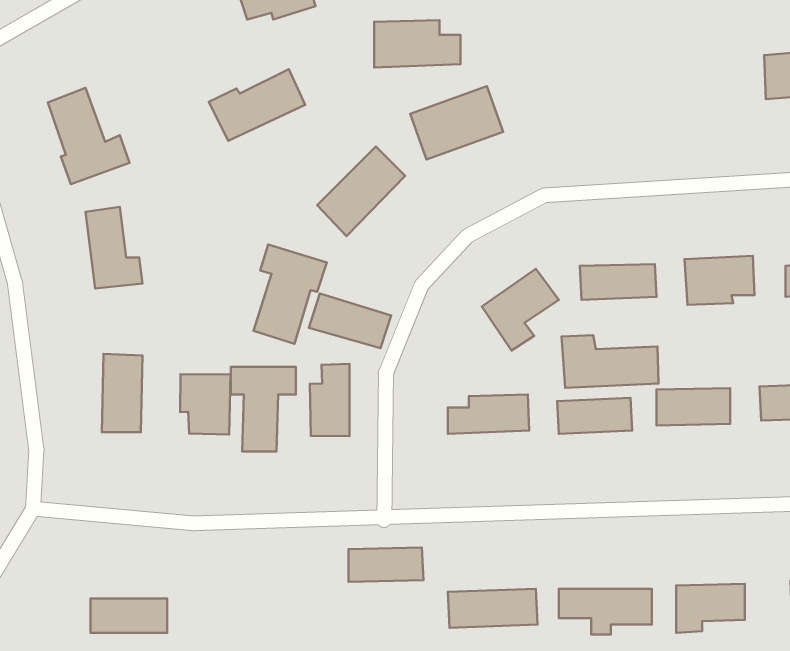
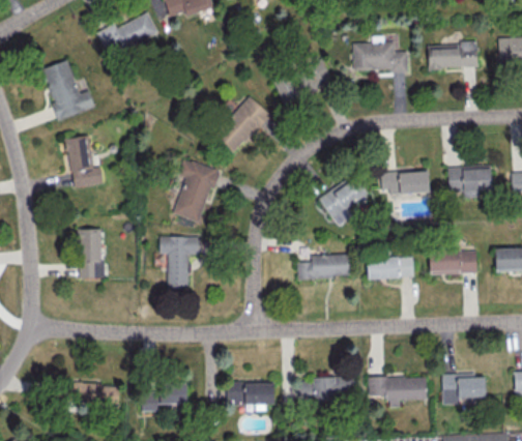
building: [374,20,461,67] -> [353,41,408,71]
building: none -> [428,42,477,68]
building: [209,69,305,141] -> [97,11,158,57]
building: [309,293,391,348] -> none
building: [561,335,659,388] -> none
building: [310,364,350,436] -> none
building: [180,374,230,434] -> none
building: [348,548,423,582] -> [227,382,274,404]
building: none -> [141,384,187,411]

